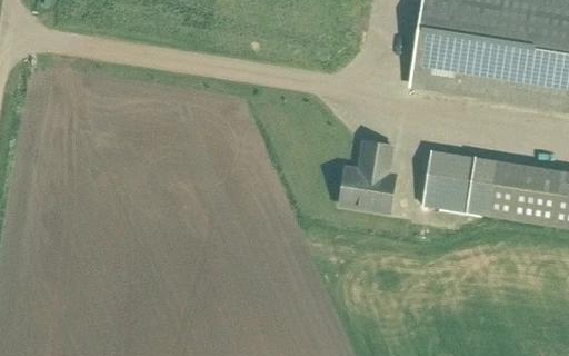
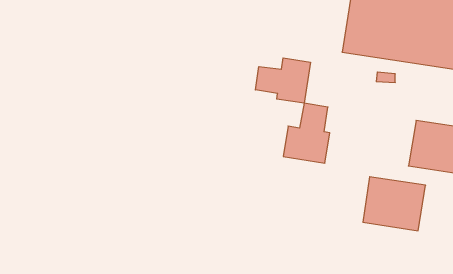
building: none -> [255,58,310,103]
building: [423,149,497,212] -> [363,177,426,231]

